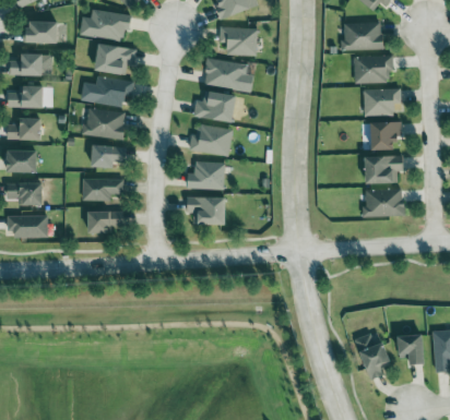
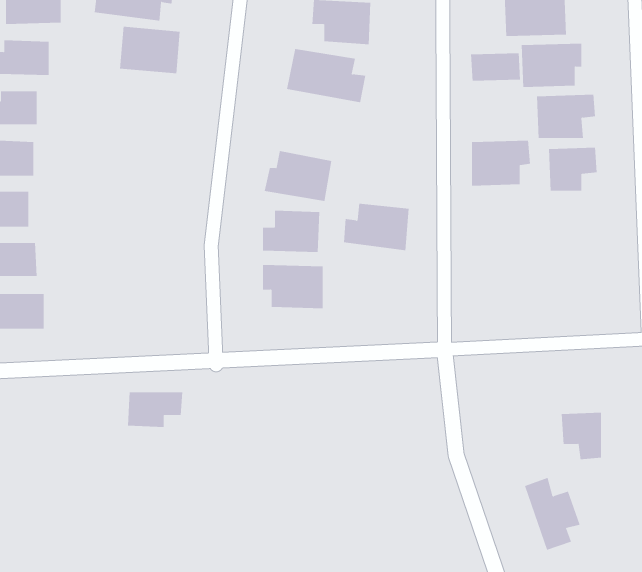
building: none -> [470,52,521,82]
building: [81,75,133,107] -> none
building: [194,91,237,121] -> [343,203,410,251]
building: [81,108,126,139] -> none
building: [93,145,126,167] -> none
building: [366,155,404,184] -> [471,140,531,186]
building: [83,178,123,201] -> none
building: [363,189,404,217] -> none
building: [88,211,125,233] -> [127,392,183,427]
building: [399,334,425,364] -> [561,412,602,460]

